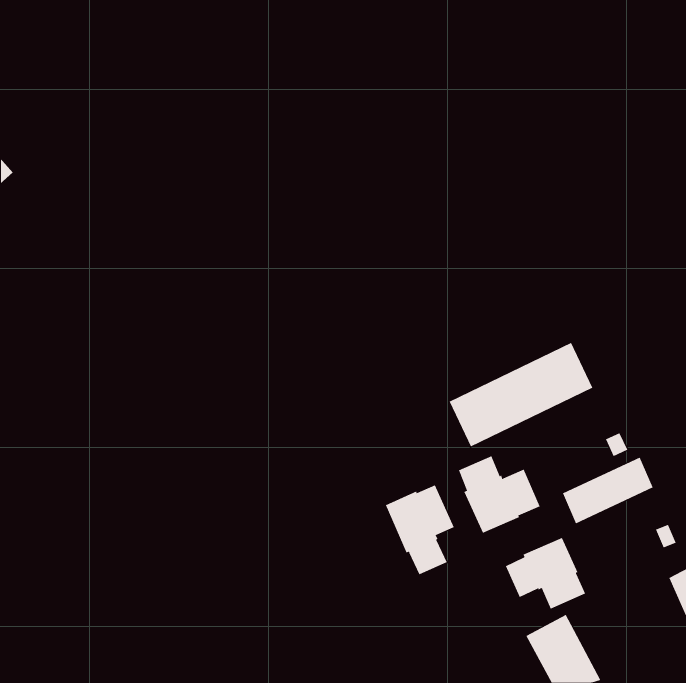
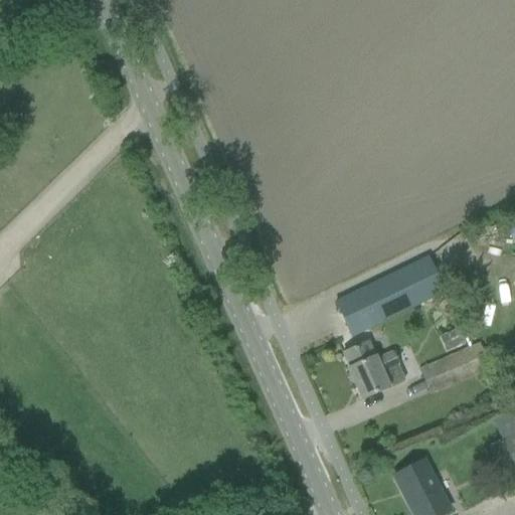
building: [385,484,455,575] -> none
building: [505,537,586,610] -> none

